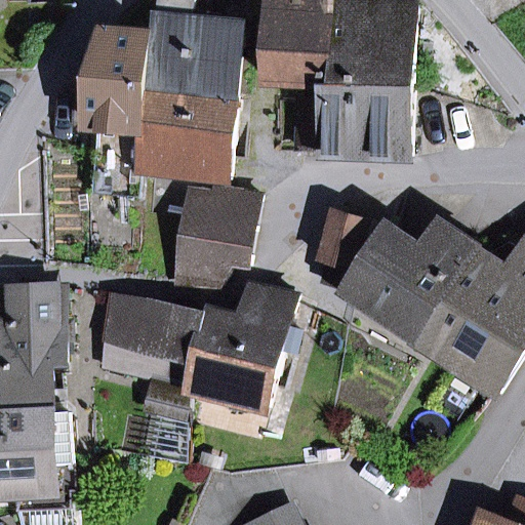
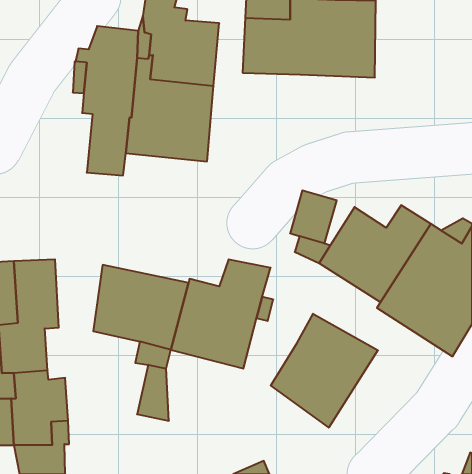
building: [298,82,412,154] -> none
building: [176,188,260,284] -> none
building: none -> [271,314,378,428]

